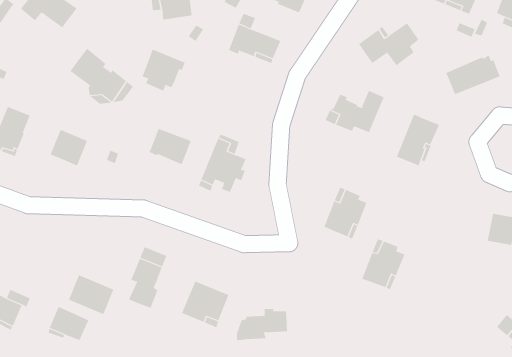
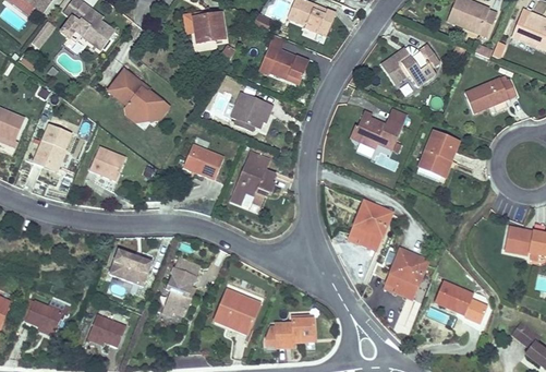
building: [142,49,186,91] -> [231,91,272,131]
building: none -> [434,280,483,315]
building: [68,274,114,315] -> [109,248,153,286]

